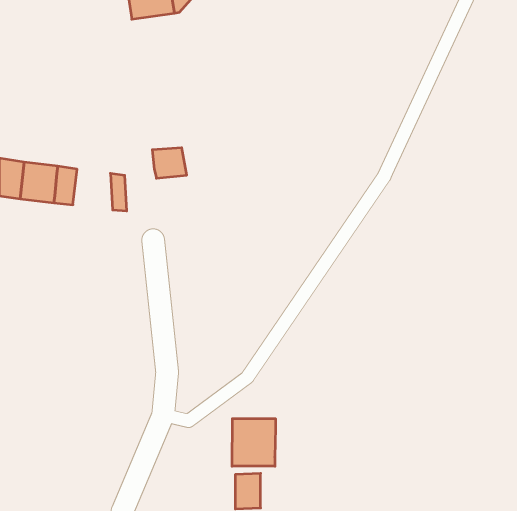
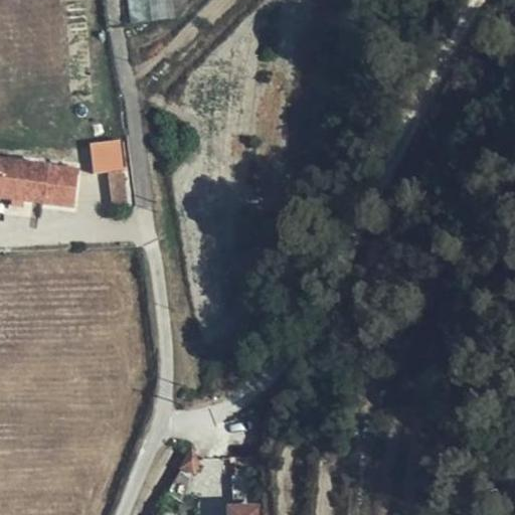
building: [152,148,187,178] -> [90,139,124,169]
building: [232,419,276,466] -> none

